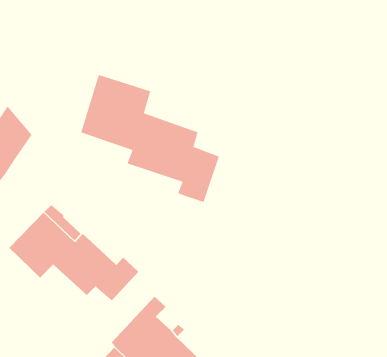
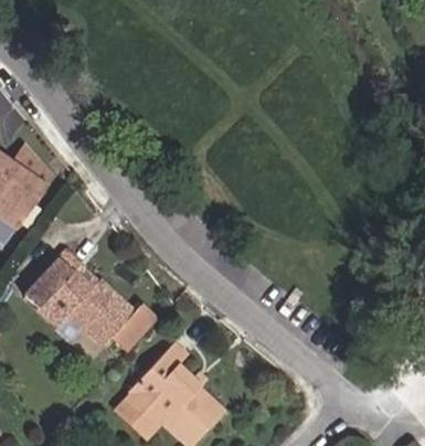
building: [81,74,219,203] -> none

